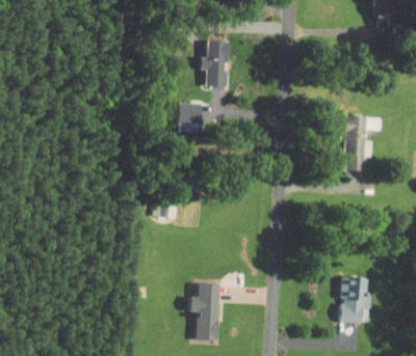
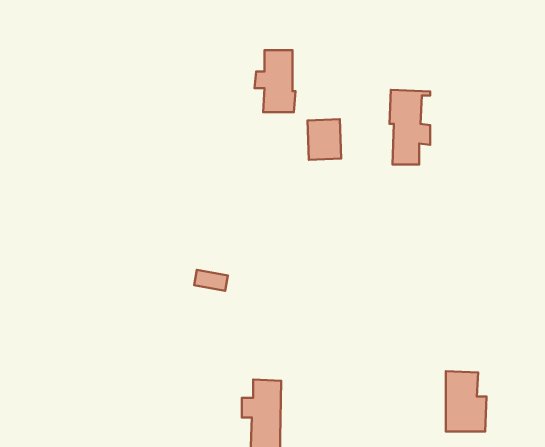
building: [177,103,202,133] -> [307,119,341,160]
building: [342,116,372,171] -> [390,90,430,165]

